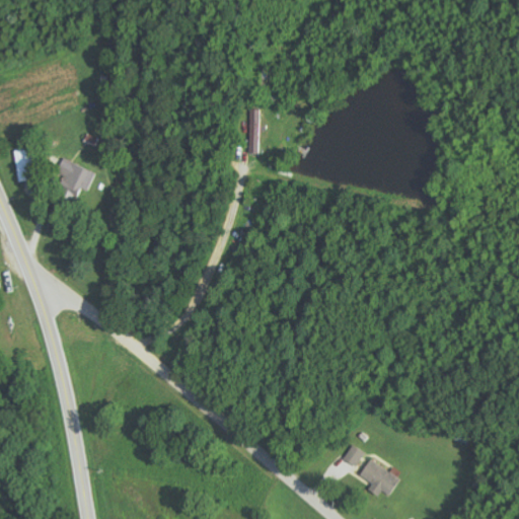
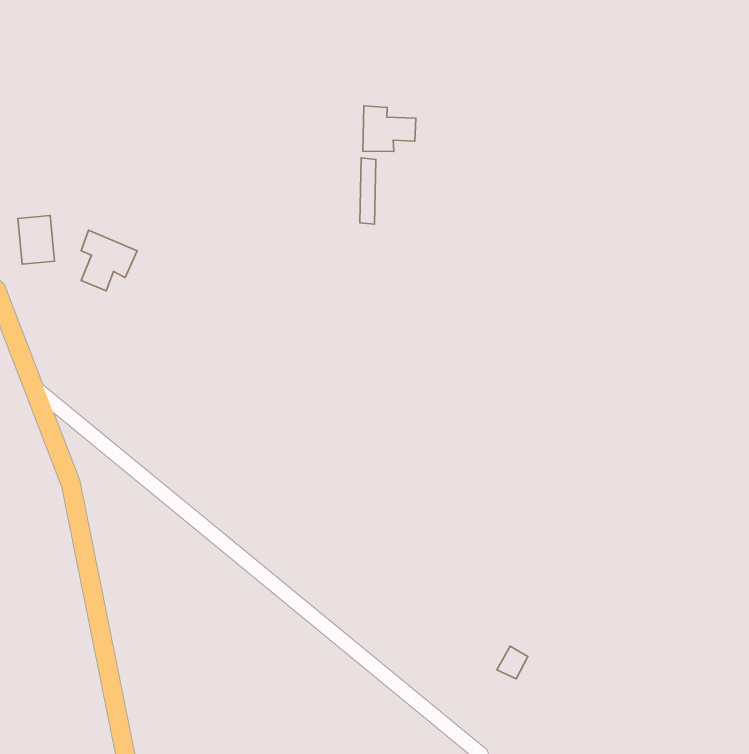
building: none -> [363,106,416,151]
building: [359,461,398,496] -> none

